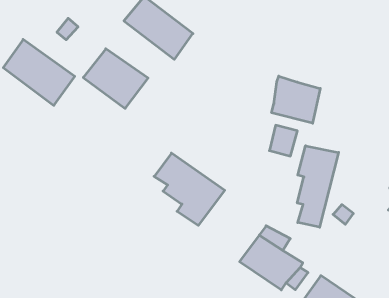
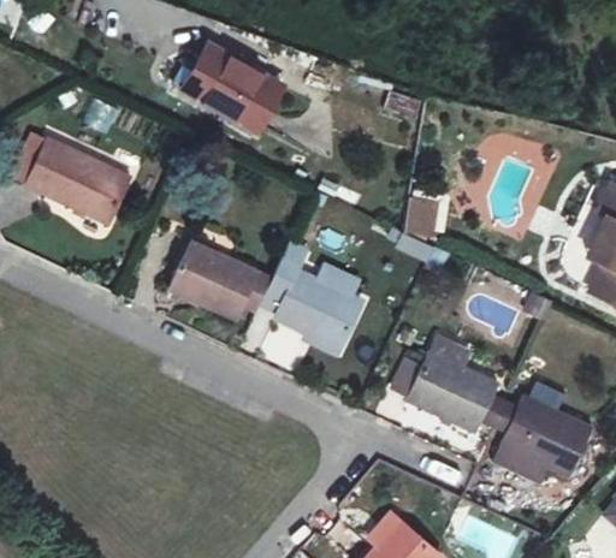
building: [83,49,148,108] -> [174,242,263,319]
building: [272,76,320,123] -> none
building: [297,146,339,227] -> none

